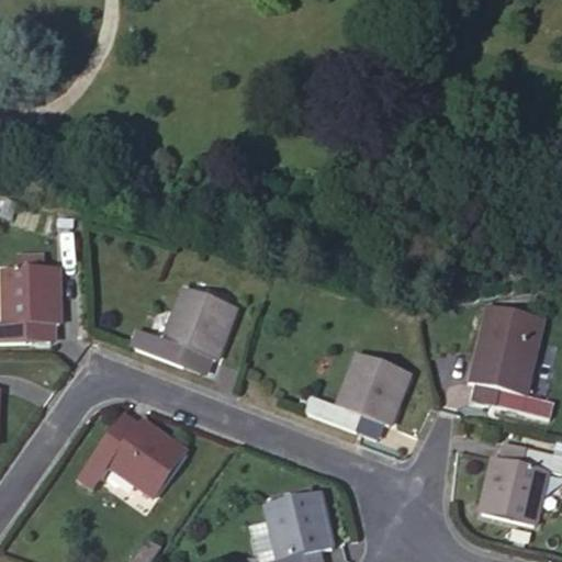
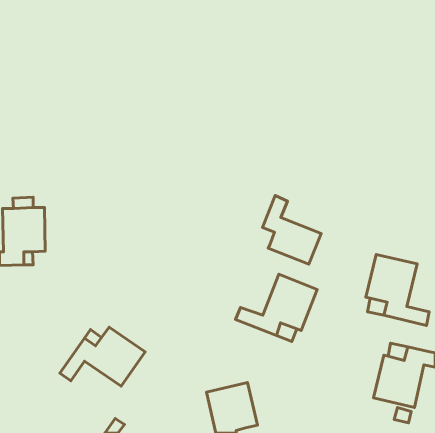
building: none -> [262,195,321,264]
building: [130,286,235,366] -> none
building: [484,304,542,339] -> none

